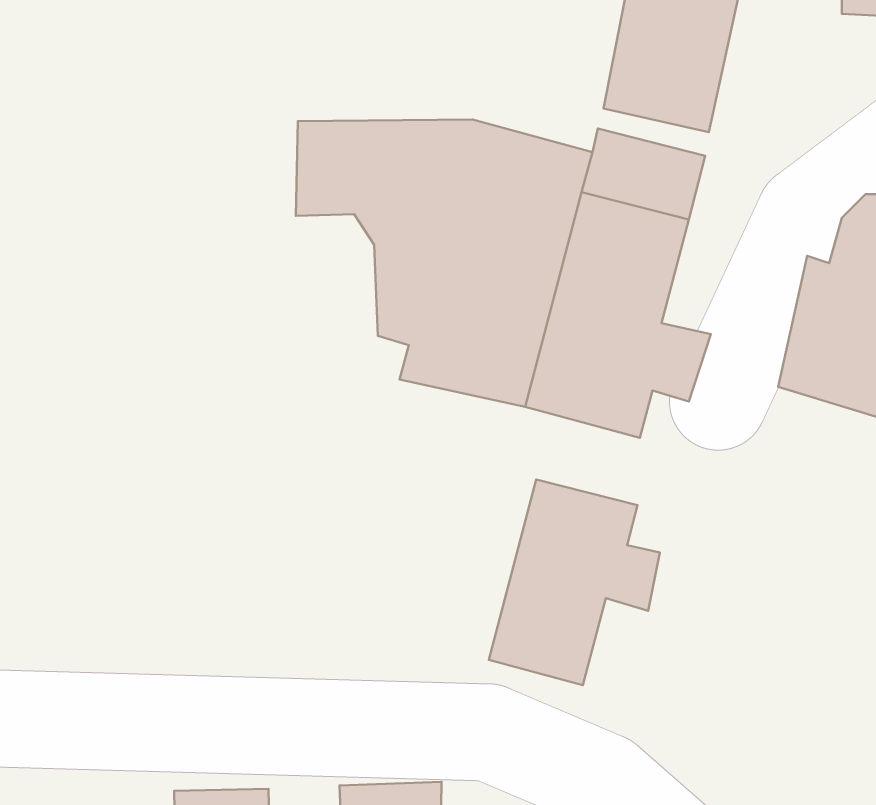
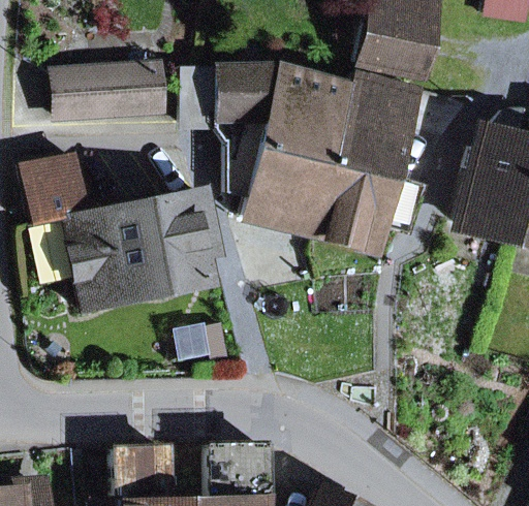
building: none -> [56,68,162,116]
building: none -> [23,157,204,308]
building: [489,479,660,685] -> none

